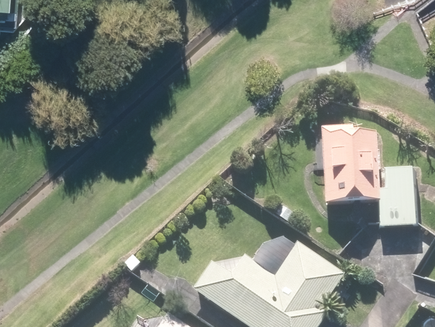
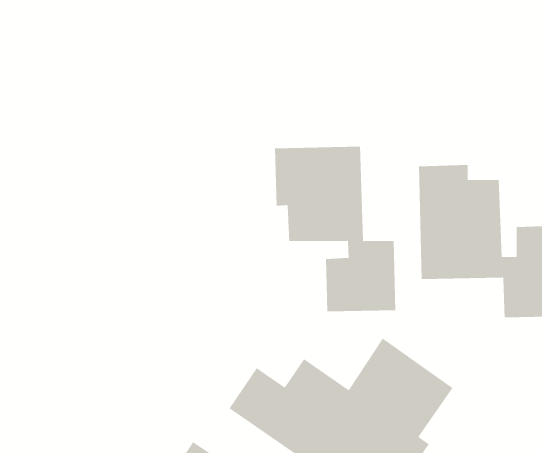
building: none -> [274,146,396,312]

